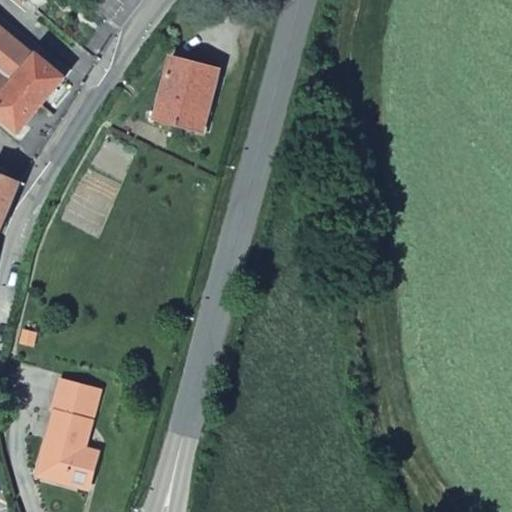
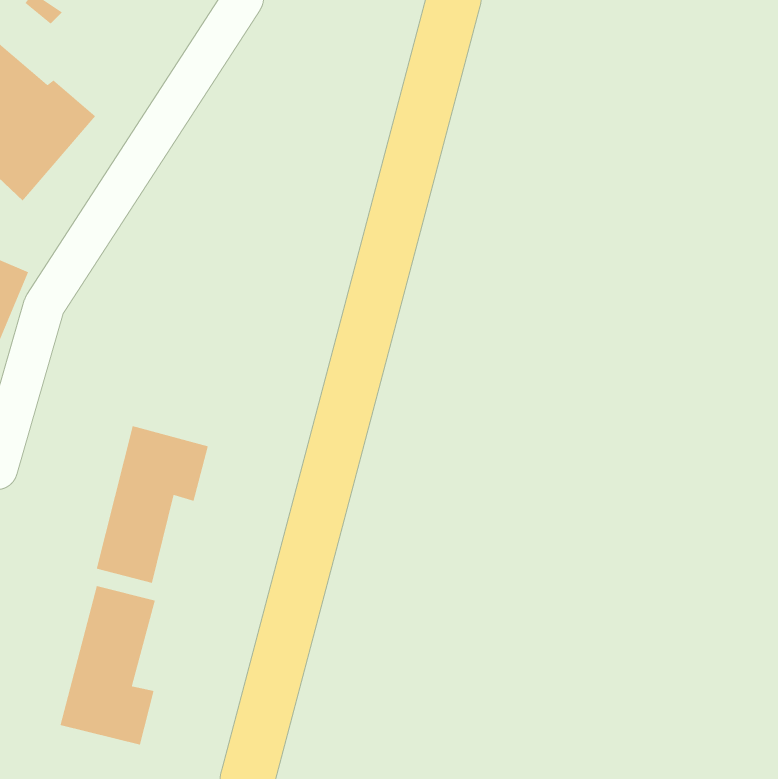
building: [152,54,213,126] -> none
building: none -> [96,425,209,584]

